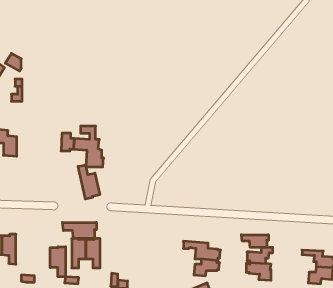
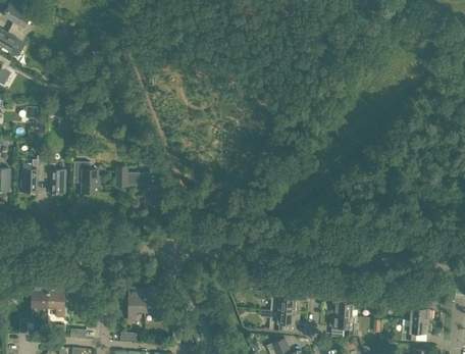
building: none -> [73,162,99,196]
building: [78,165,100,199] -> none
building: [62,222,96,239] -> none
building: [241,235,268,247] -> none
building: [50,247,66,277] -> none

